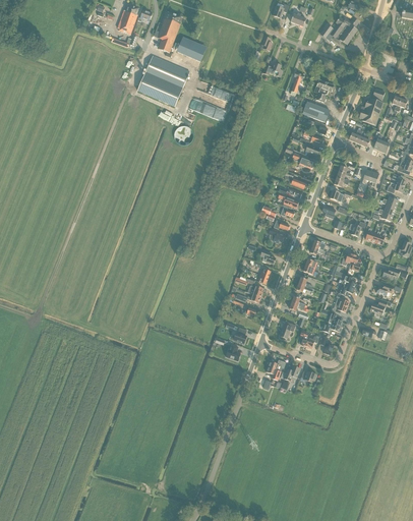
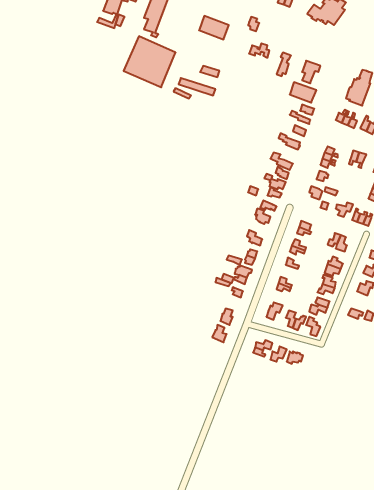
building: [176,34,205,57] -> [199,16,229,39]

